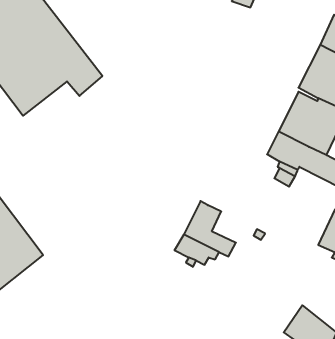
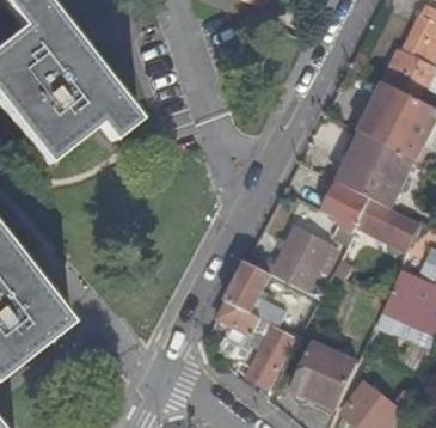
building: none -> [254,224,331,291]
building: none -> [245,324,295,386]
building: none -> [294,342,357,406]

